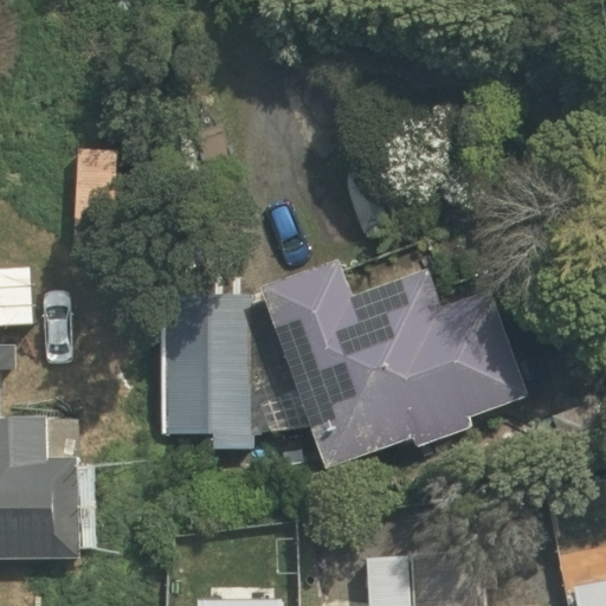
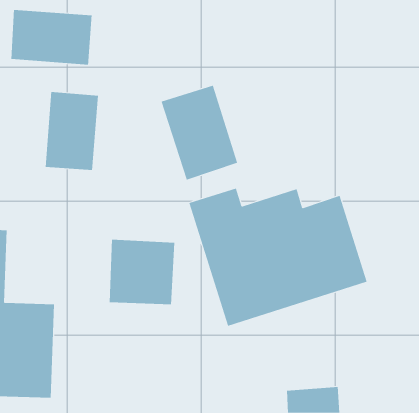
building: none -> [11,9,92,65]
building: none -> [161,85,238,180]

